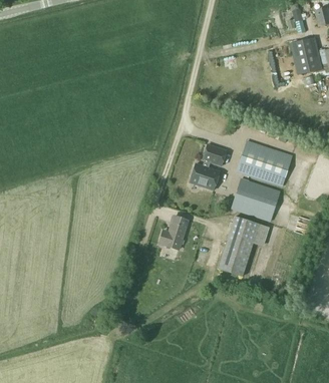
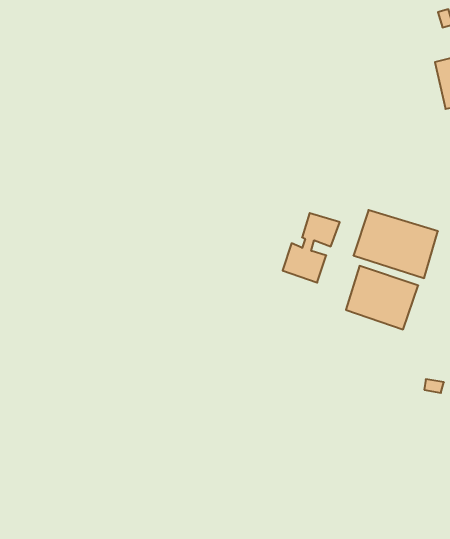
building: [159,216,188,249] -> none
building: [219,217,268,276] -> none

